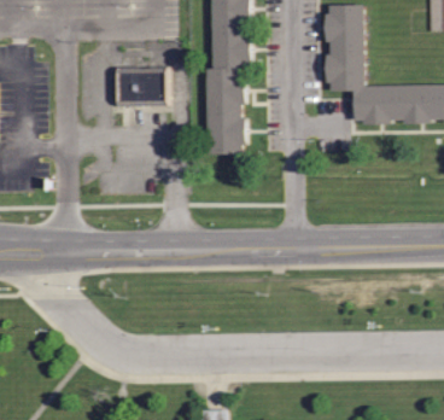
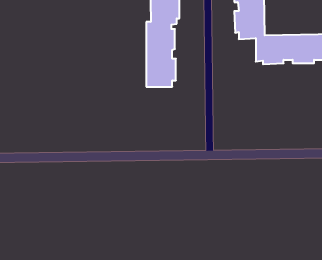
building: [115,66,166,106] -> none

